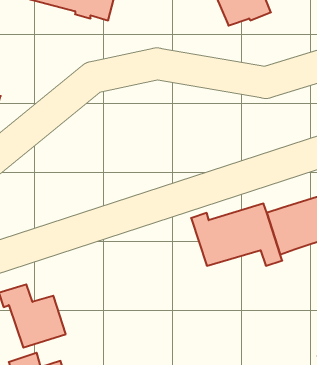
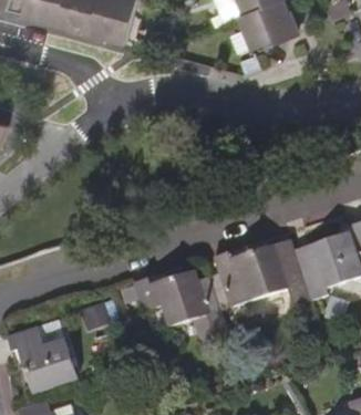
building: none -> [133,269,227,340]

